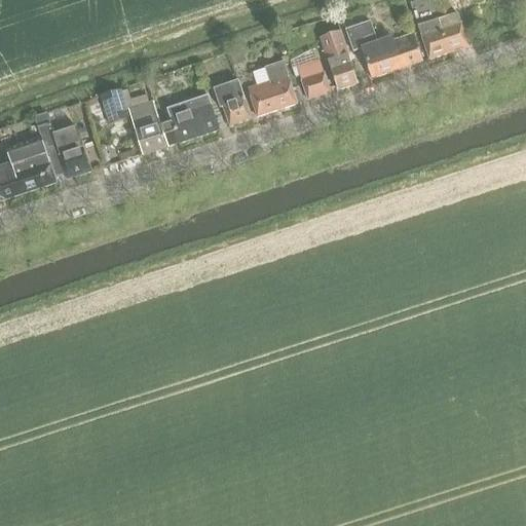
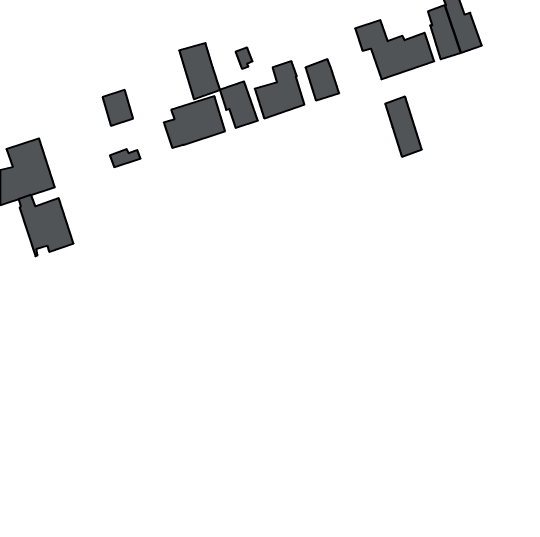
building: [321,30,356,88] -> [385,97,422,157]
building: [127,99,167,153] -> [179,43,220,99]
building: [37,122,90,182] -> [19,195,74,256]

